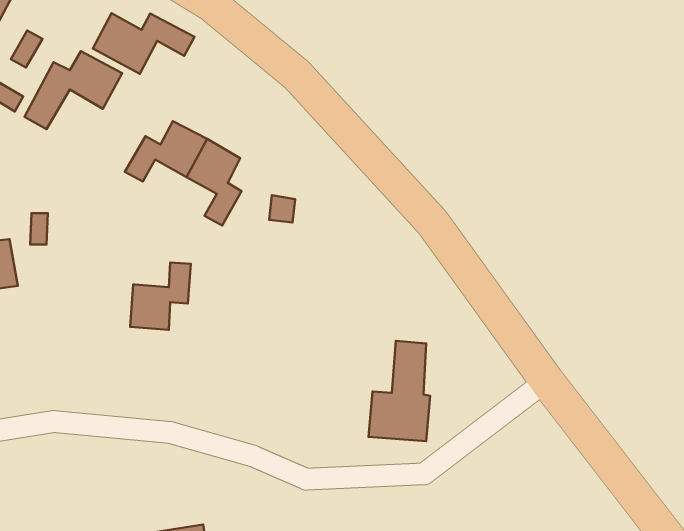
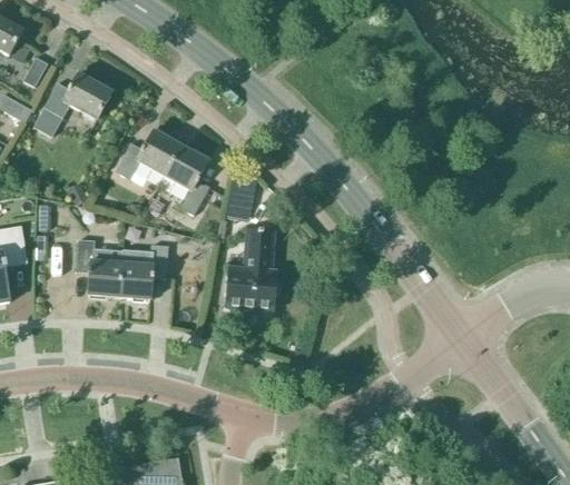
building: [93,13,194,74] -> none
building: none -> [76,239,124,297]
building: [368,341,430,441] -> [226,228,276,309]

